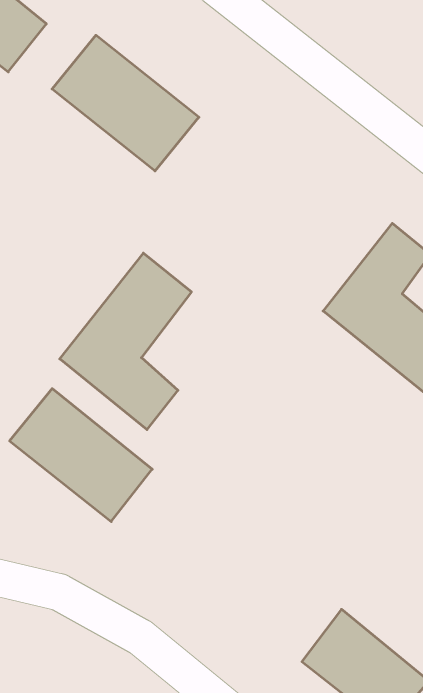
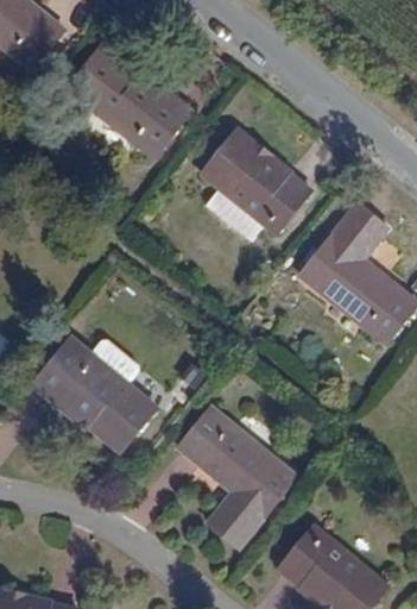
building: none -> [200,127,309,232]
building: [60,253,191,430] -> none
building: none -> [177,409,296,548]

